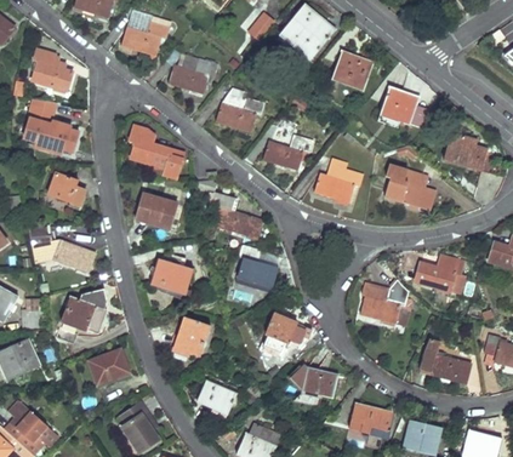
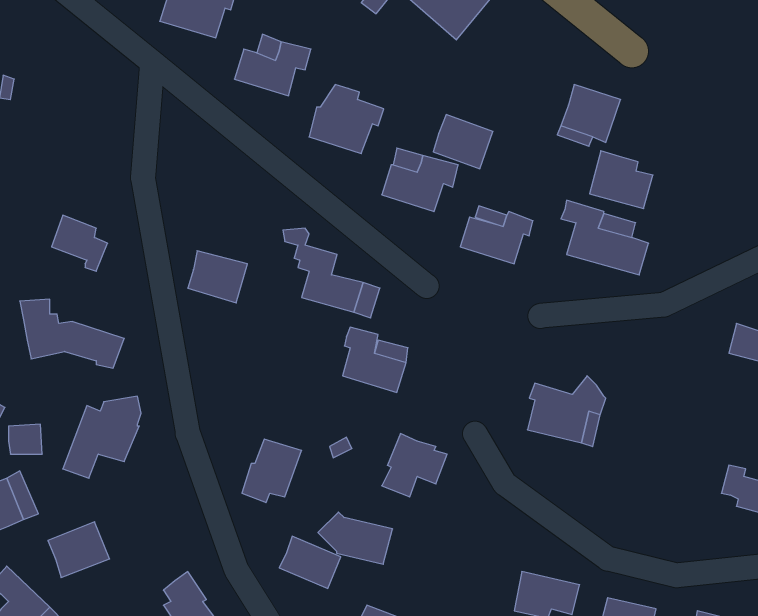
building: [33,50,73,91] -> none
building: [334,52,372,87] -> [433,115,493,169]
building: [24,107,79,153] -> none
building: [129,125,182,178] -> none
building: [445,133,486,171] -> [590,151,653,209]
building: [415,253,466,291] -> none
building: [150,259,194,295] -> none
building: [421,338,472,383] -> none
building: [90,348,130,384] -> [48,522,110,578]
building: [290,365,338,399] -> [318,512,393,564]

